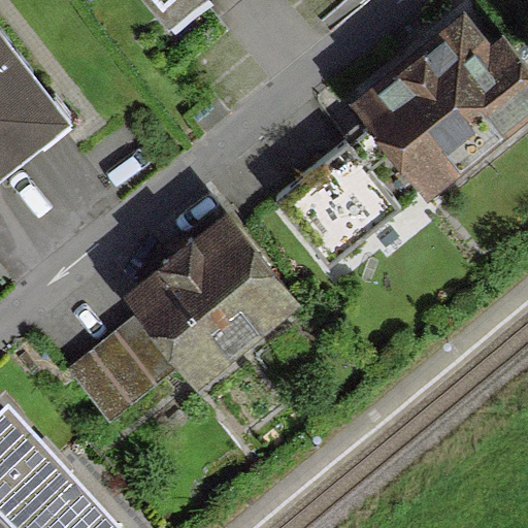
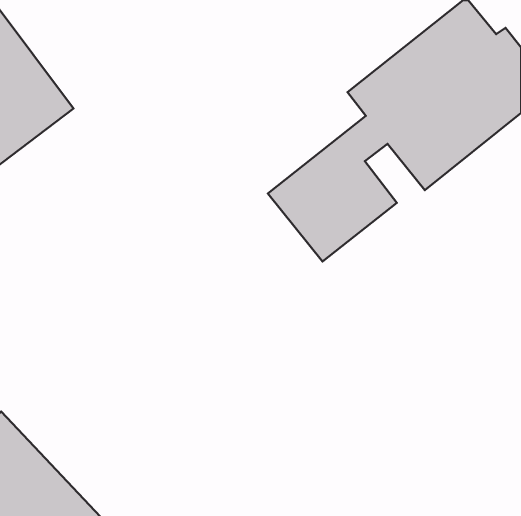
building: [117,211,297,390] -> none
building: [62,326,170,432] -> none

